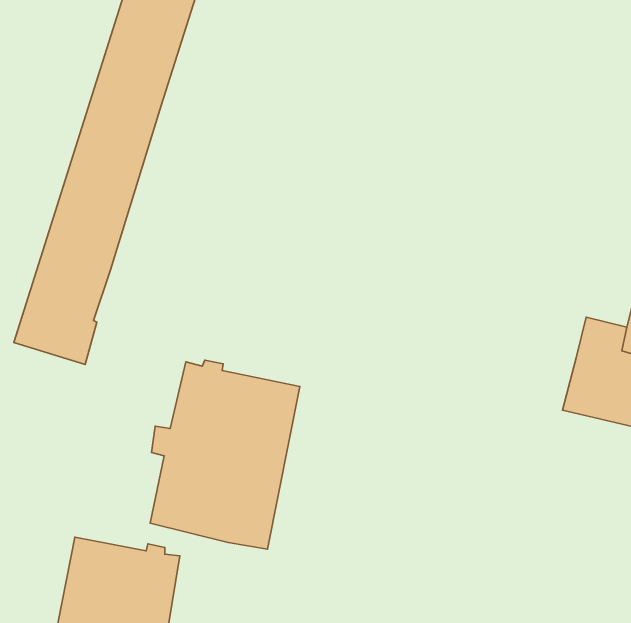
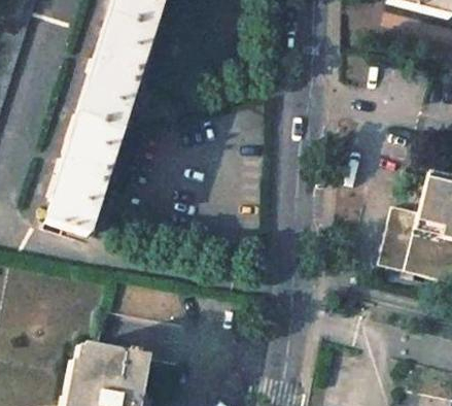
building: [150,360,300,549] -> none

